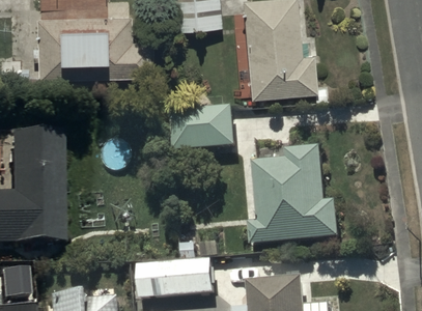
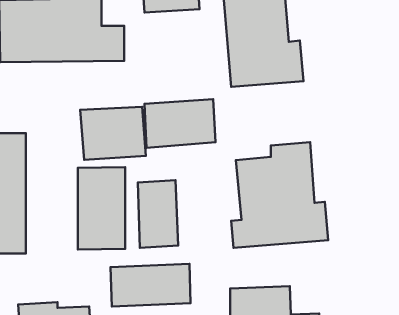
building: none -> [80,107,146,160]
building: none -> [78,167,125,250]
building: none -> [138,180,178,248]

